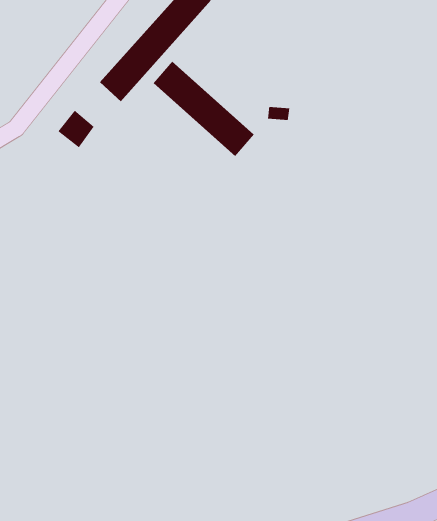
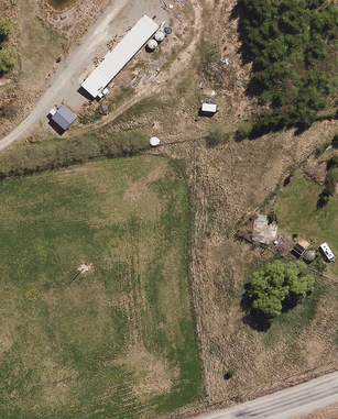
building: [153,61,254,157] -> none

